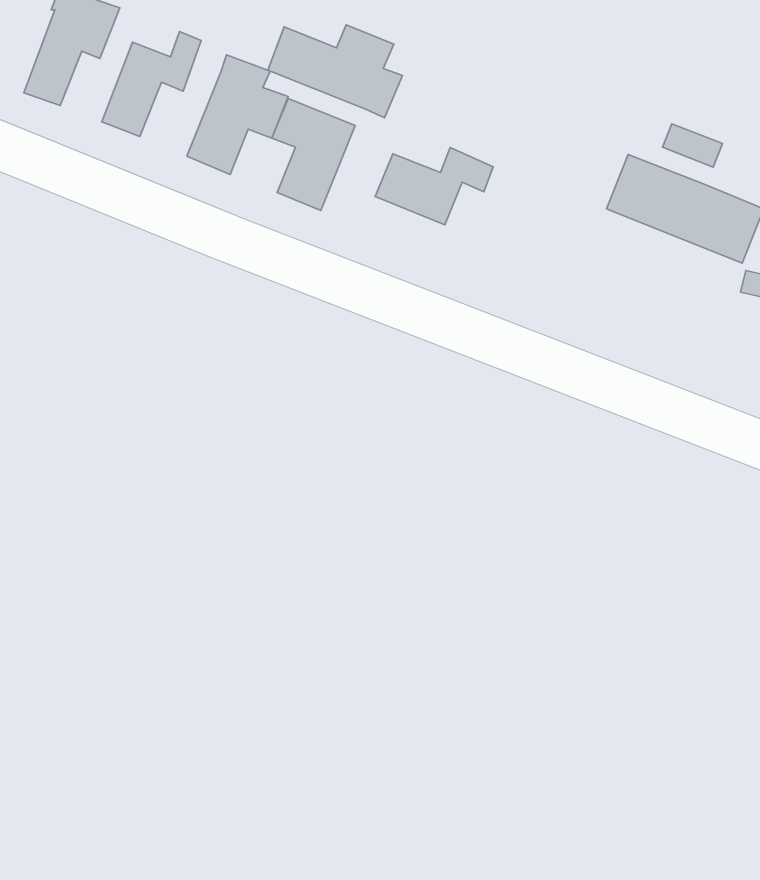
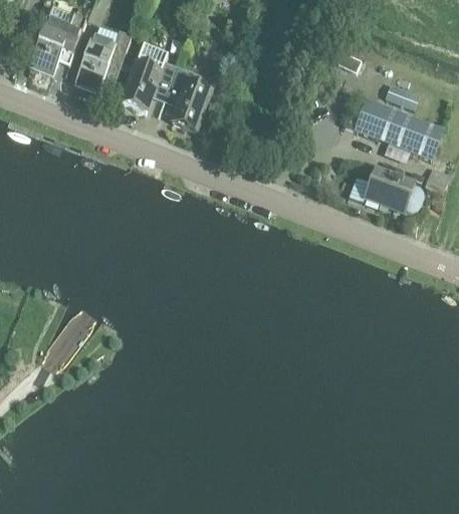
building: [268,25,402,118] -> none
building: [375,148,493,225] -> none
building: none -> [363,171,421,213]

